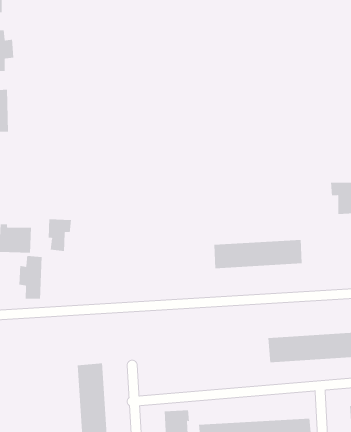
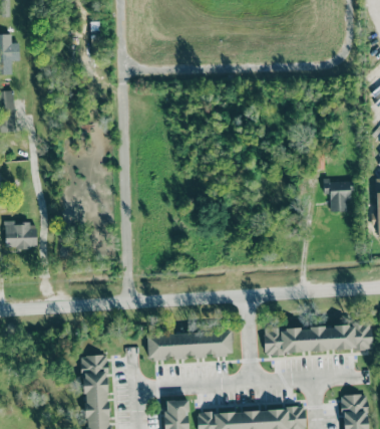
building: [48,219,72,252] -> none
building: [213,239,302,269] -> [147,331,233,359]
building: [19,255,42,300] -> none

